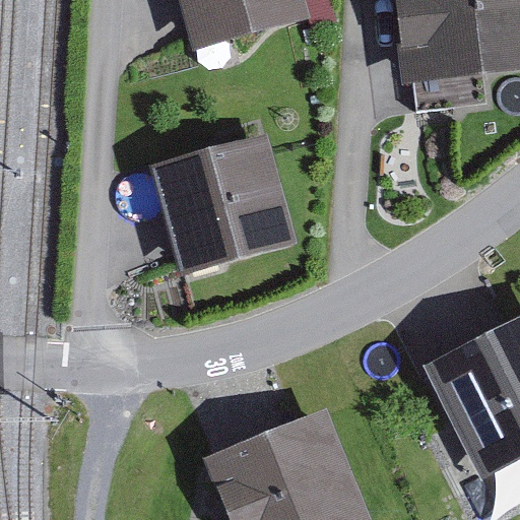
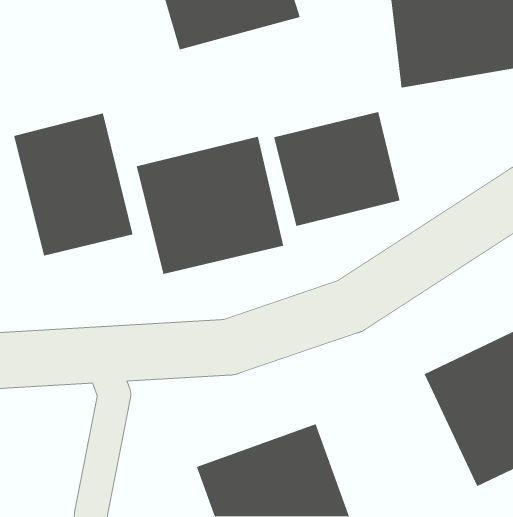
building: none -> [273,111,400,227]
building: none -> [13,112,133,257]

